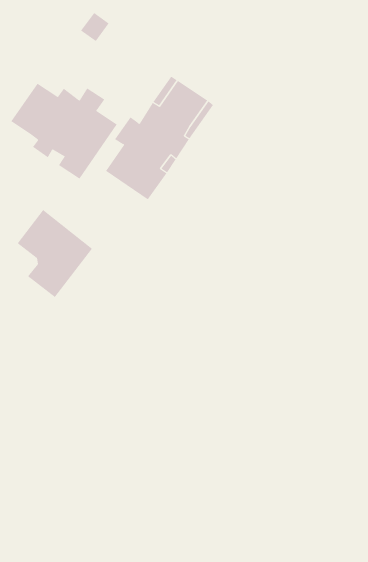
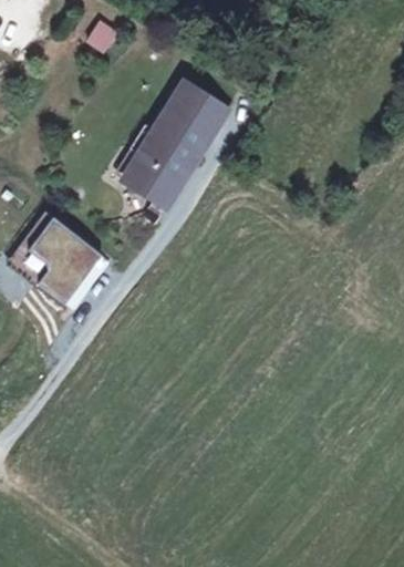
building: [10,83,117,179] -> none

